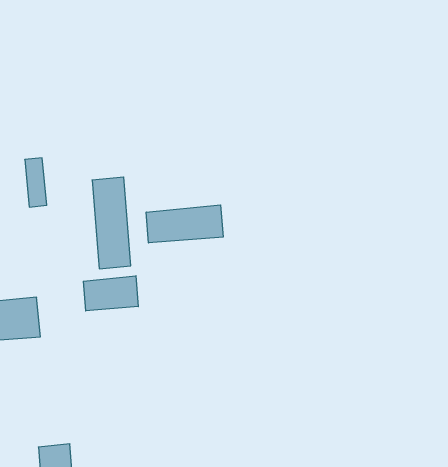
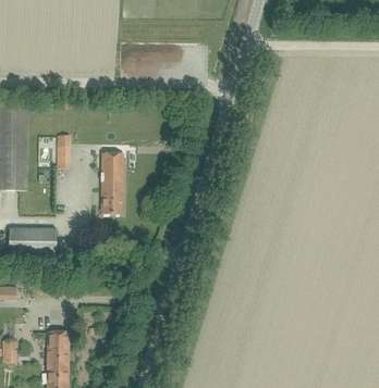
building: [146,205,223,243] -> none
building: [83,276,138,311] -> none

